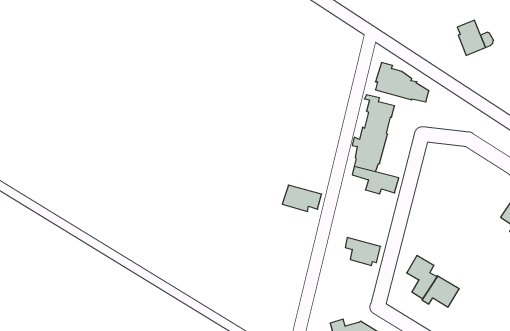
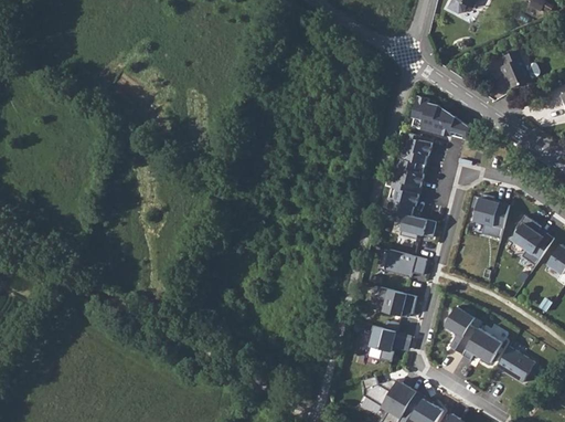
building: none -> [472,193,510,239]
building: none -> [513,214,554,265]
building: [282,185,322,211] -> [384,249,427,277]
building: none -> [362,325,396,361]
building: none -> [498,346,535,382]

